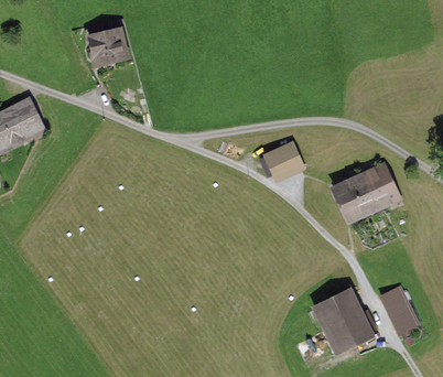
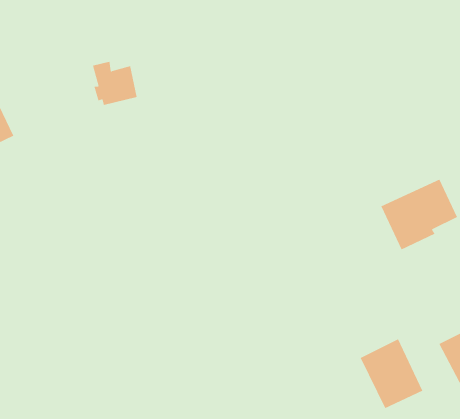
building: [88,26,125,62] -> [92,61,138,105]
building: [260,146,301,175] -> none

